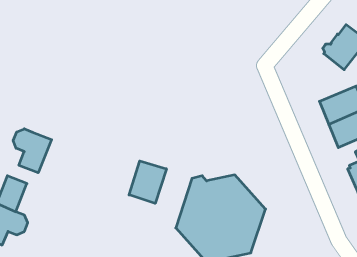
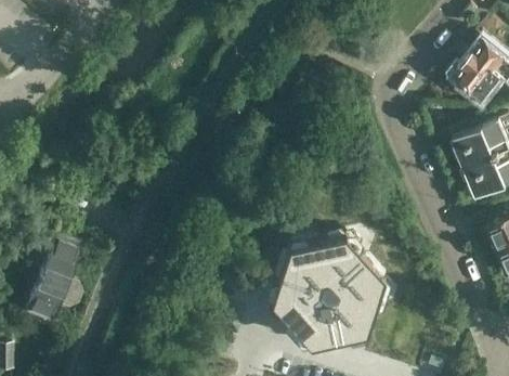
building: [13,129,52,173] -> none
building: [129,161,166,203] -> none

